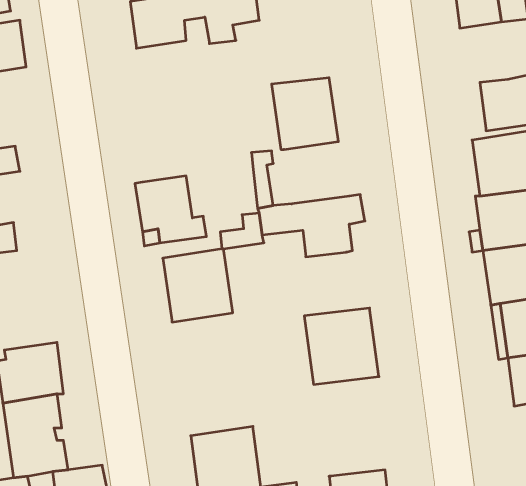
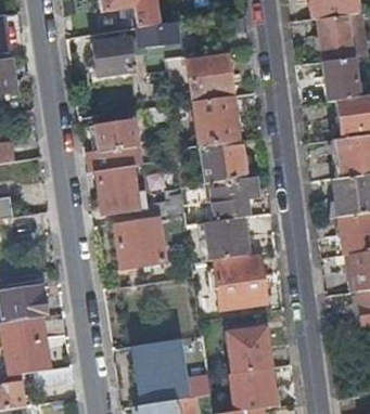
building: none -> [186,55,231,101]
building: none -> [322,56,356,100]
building: none -> [85,117,140,170]
building: none -> [200,140,245,183]
building: none -> [204,217,248,259]
building: none -> [227,328,271,373]

